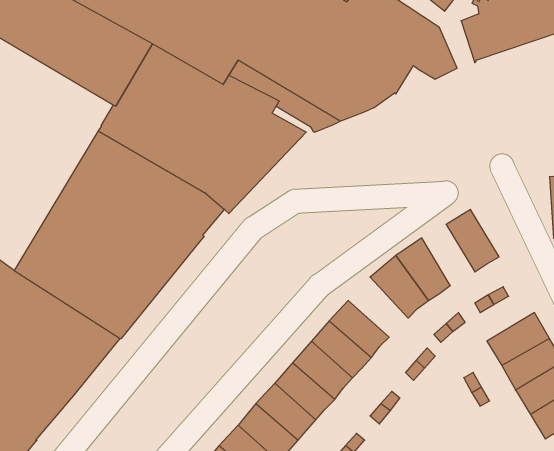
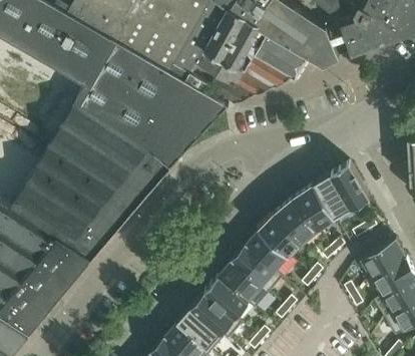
building: none -> [313,173,352,219]
building: none -> [259,213,303,257]

